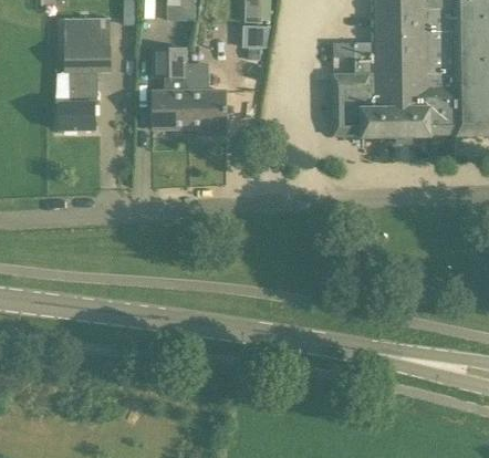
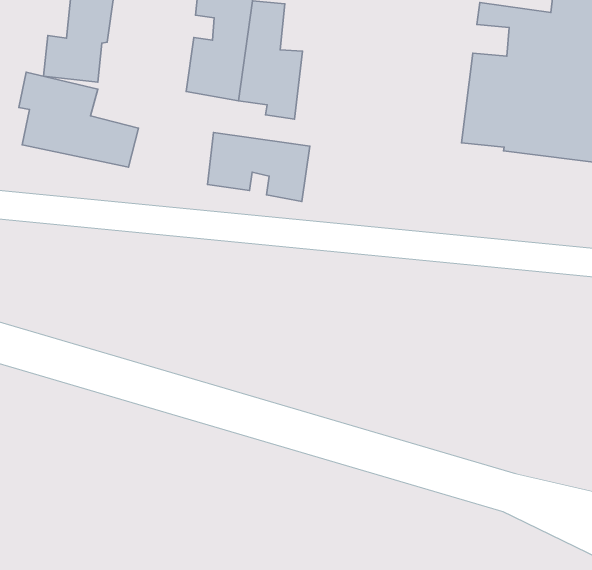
building: none -> [19,72,139,167]
building: none -> [207,132,310,202]

